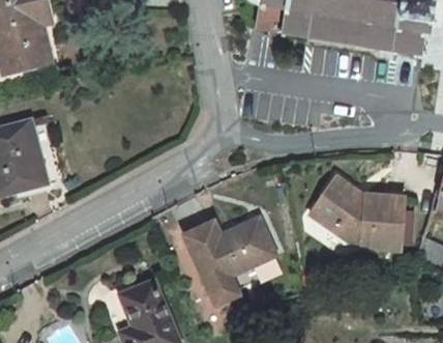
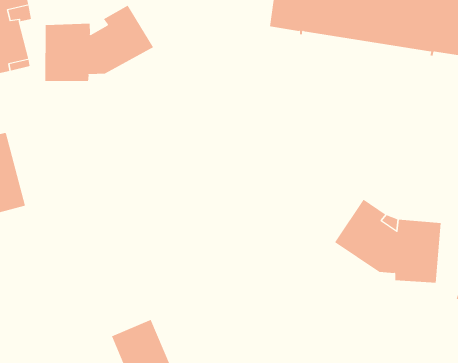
building: none -> [45,5,154,82]
building: [184,220,279,304] -> none

